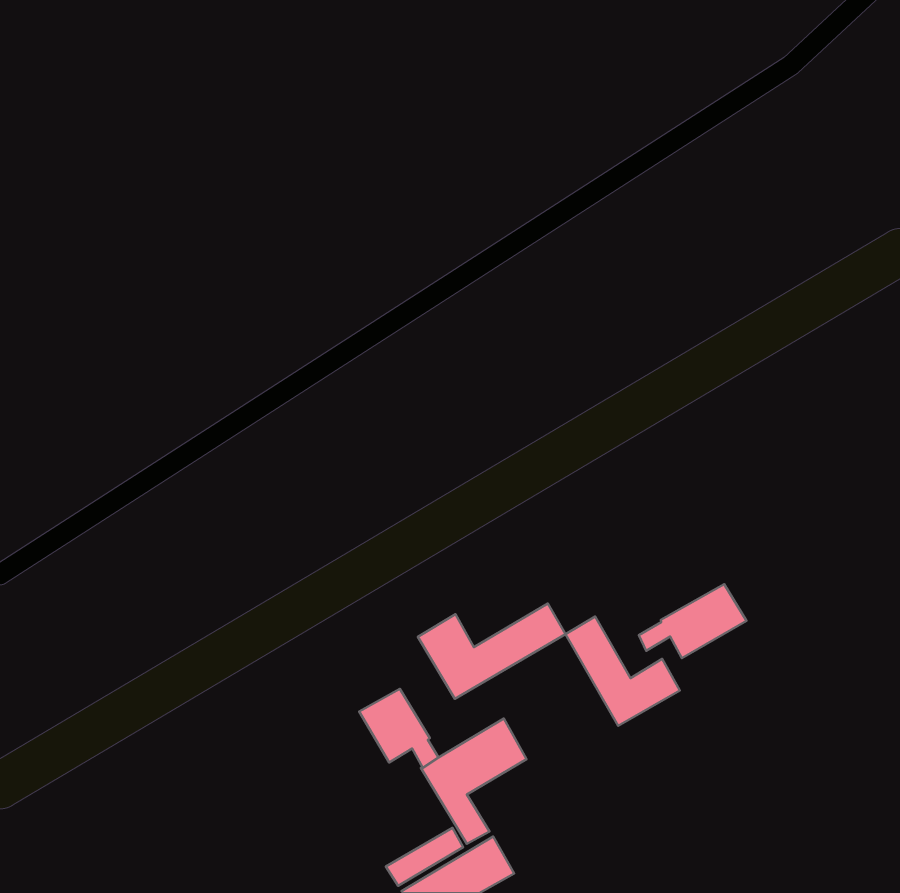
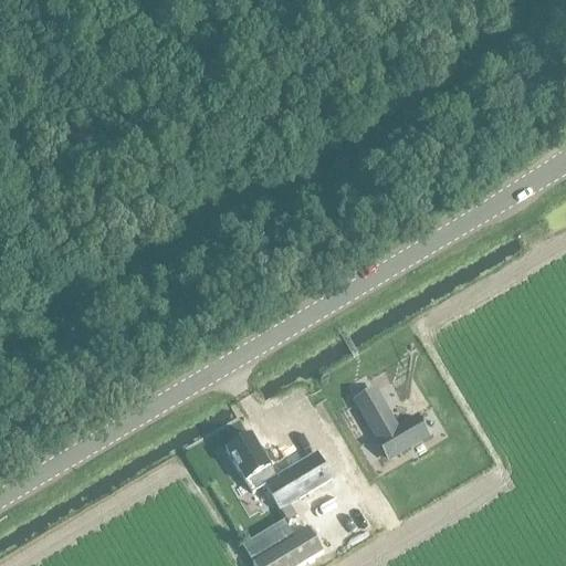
building: [639,584,746,658] -> none
building: [418,603,565,699] -> none

